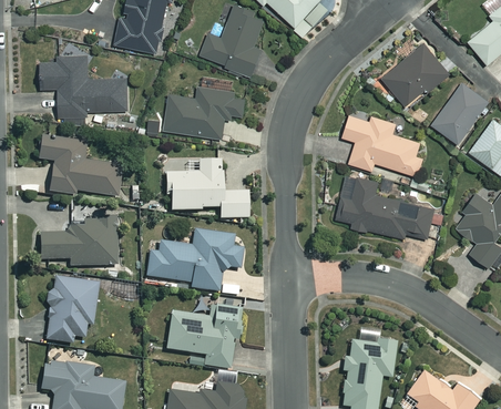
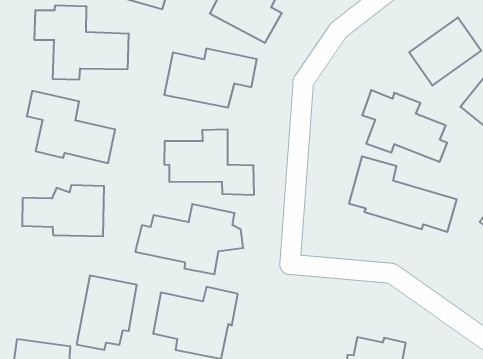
building: [45,275,96,341] -> [77,276,137,350]

